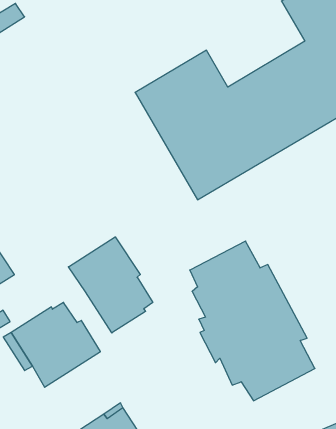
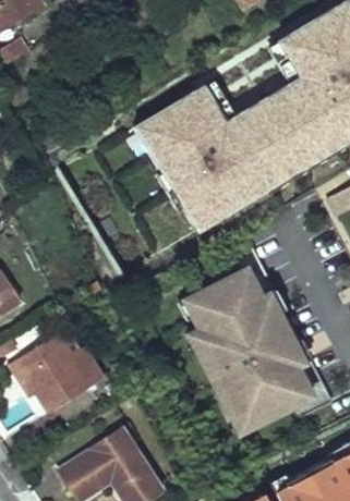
building: [68,237,153,333] -> none

